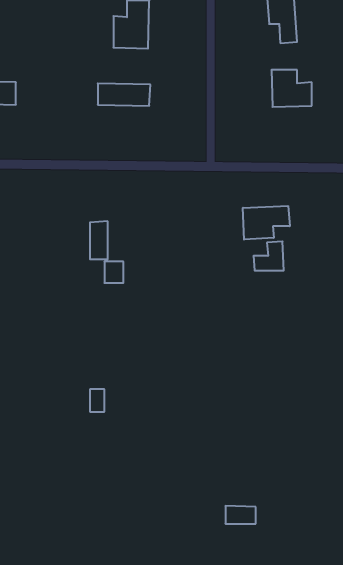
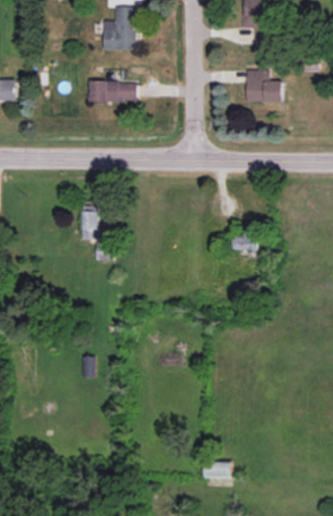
building: [243,206,290,240] -> none

